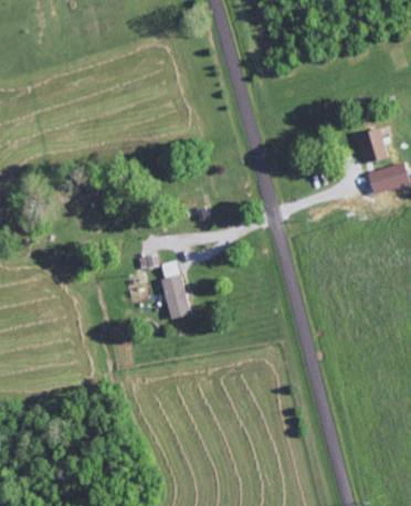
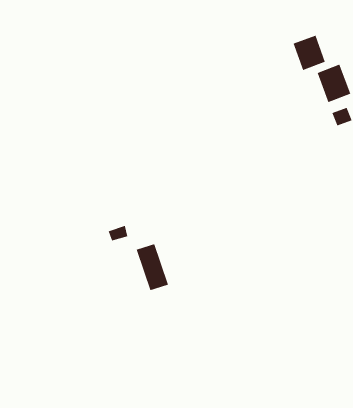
building: none -> [293,35,326,71]

